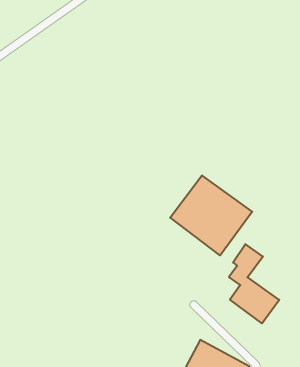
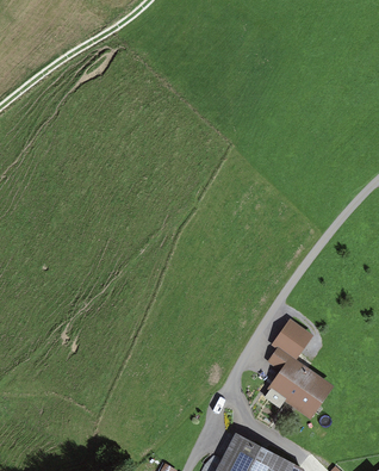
building: [170,175,252,255] -> none

